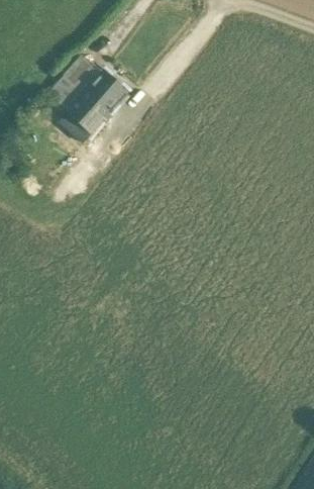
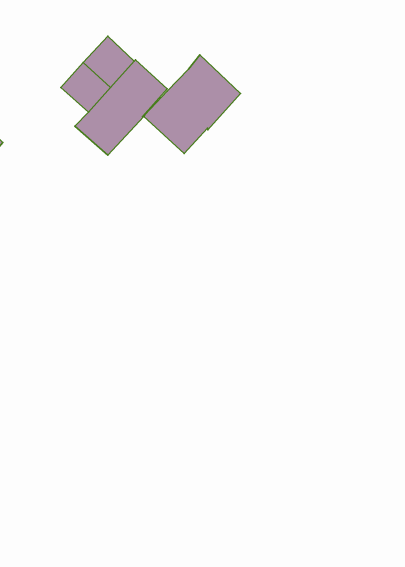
building: none -> [144,55,240,153]

